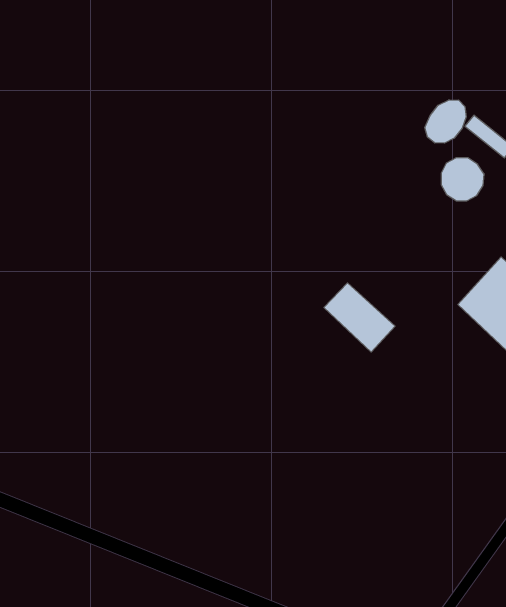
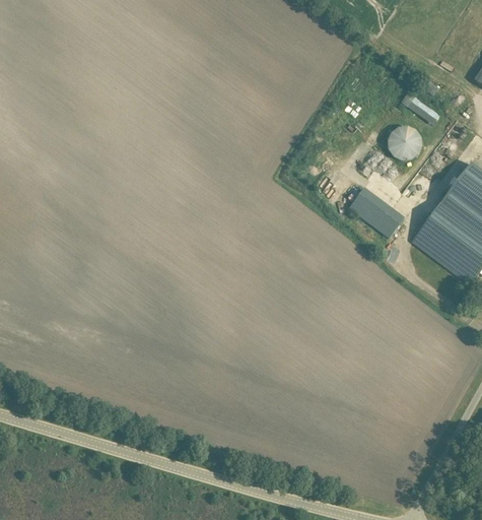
building: [425,100,466,143] -> none
building: [324,283,395,352] -> [348,186,405,238]

